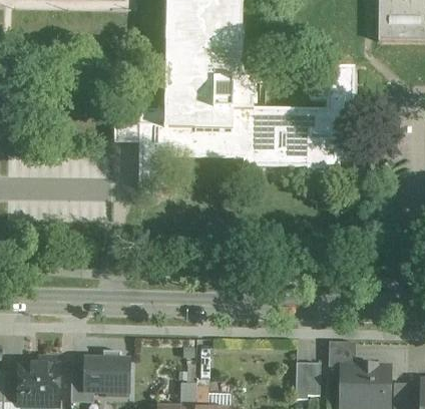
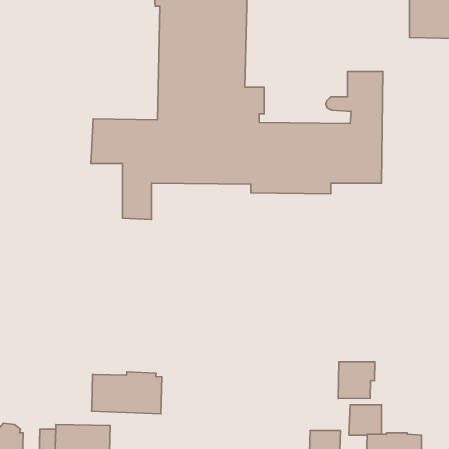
building: none -> [338,362,375,398]
building: none -> [91,372,162,414]

